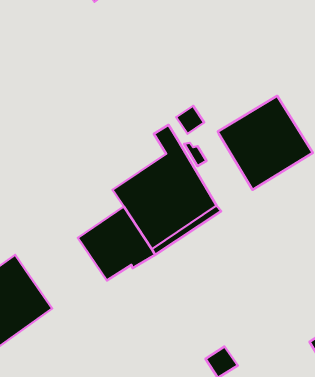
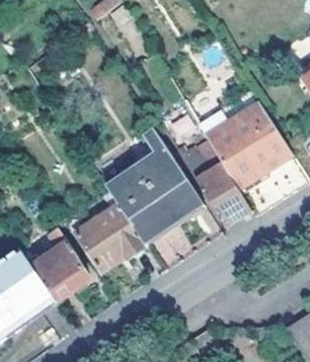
building: none -> [193,138,250,227]
building: none -> [34,229,93,301]

